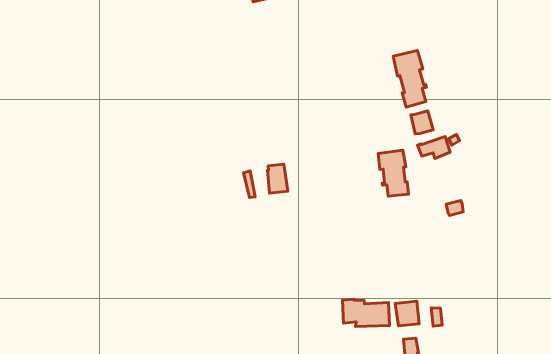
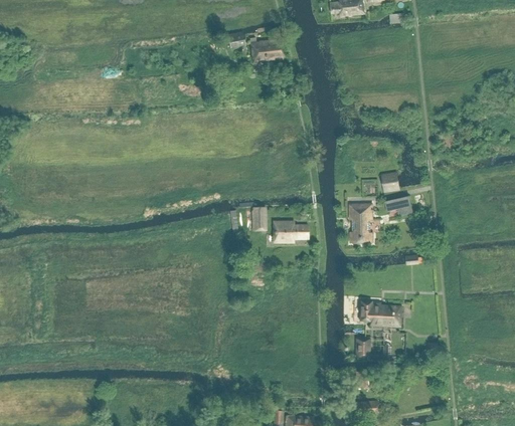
building: [393,51,427,107] -> none
building: none -> [272,223,307,242]
building: [342,299,390,327] -> [359,299,400,326]

